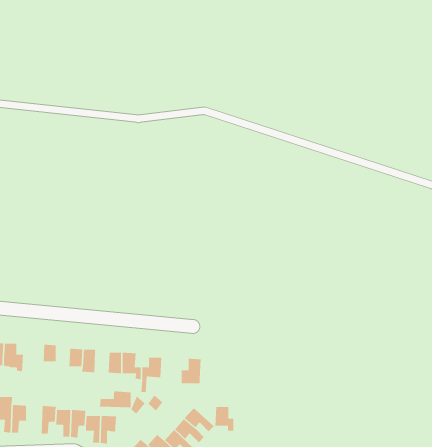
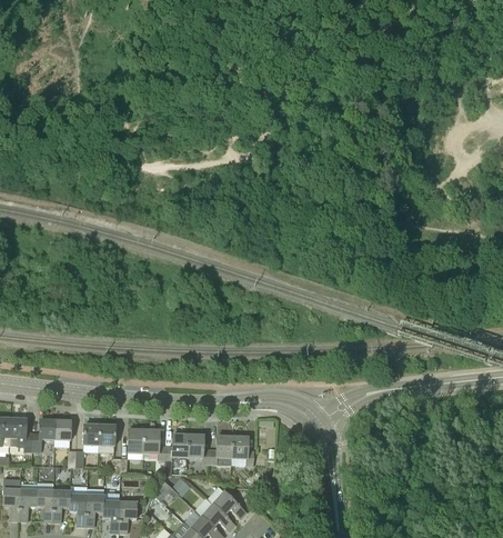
building: none -> [32,418,56,450]
building: none -> [188,434,210,464]
building: [100,391,131,408] -> none
building: none -> [37,481,54,520]
building: [214,406,234,431] -> [232,436,254,464]

